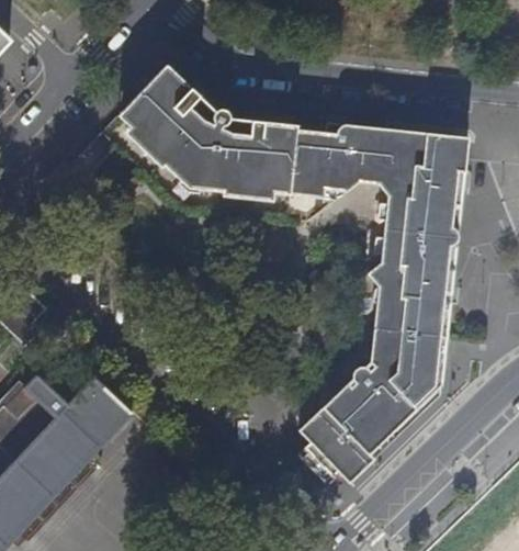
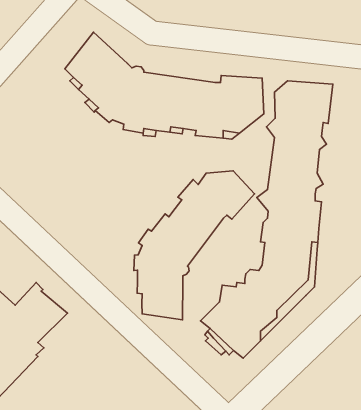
building: none -> [134,171,255,320]

